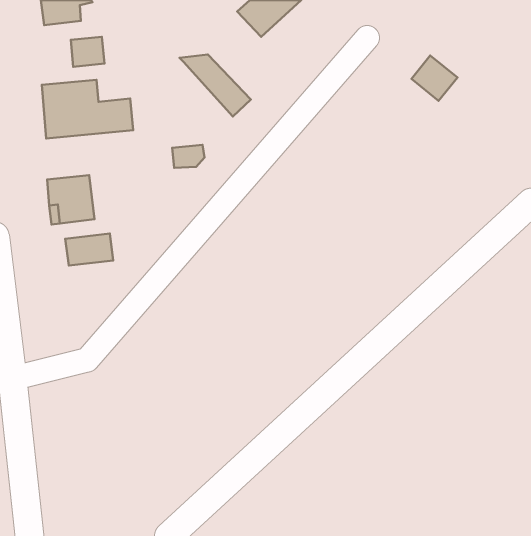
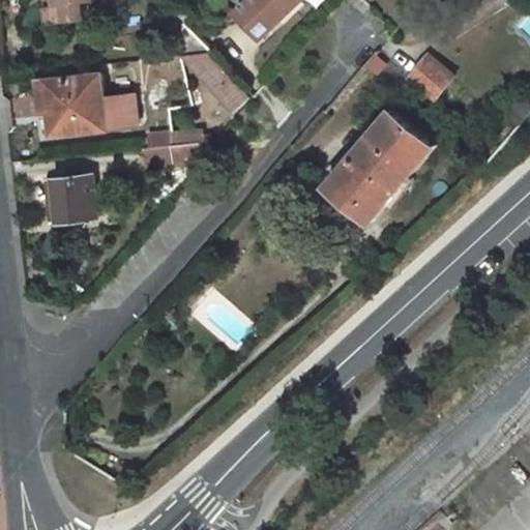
building: [71,37,104,67] -> none
building: none -> [325,110,432,220]
building: [65,233,113,266] -> none

